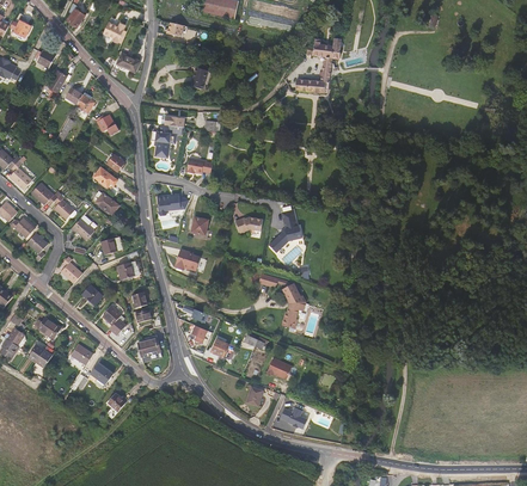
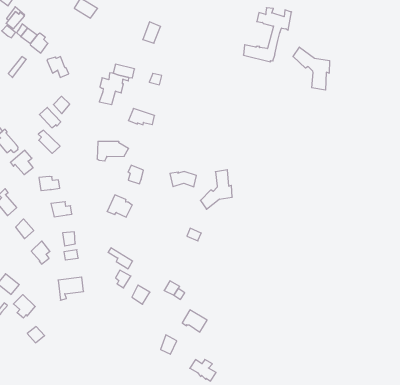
building: none -> [293,47,330,90]
building: [283,283,310,330] -> none

